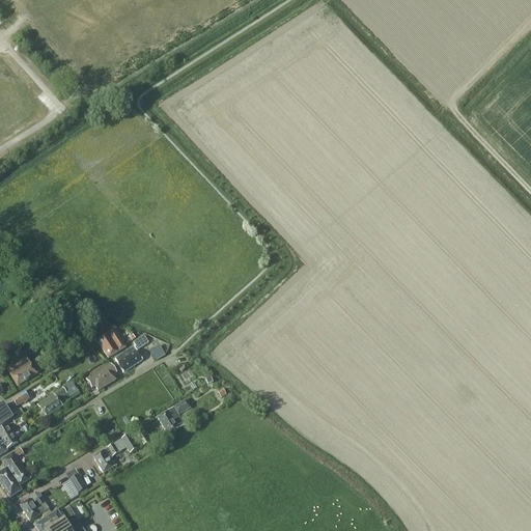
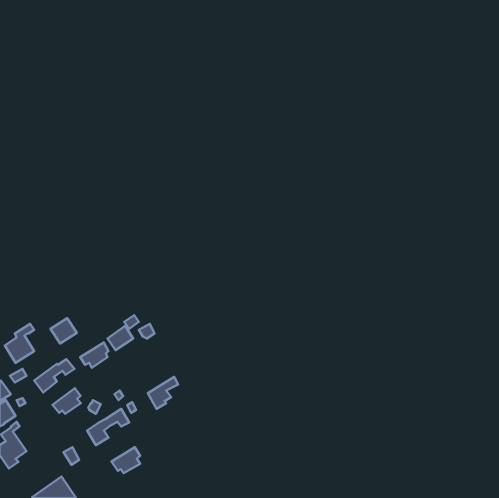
building: [96,329,124,356] -> [50,318,77,344]
building: none -> [53,388,81,414]
building: none -> [111,447,140,473]
building: [19,493,49,520] -> none

